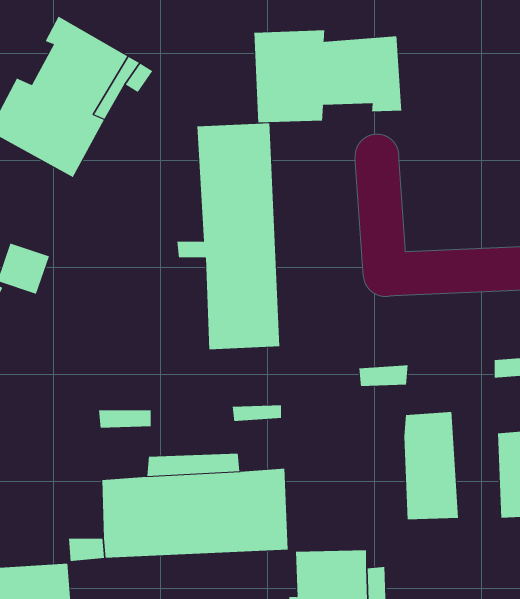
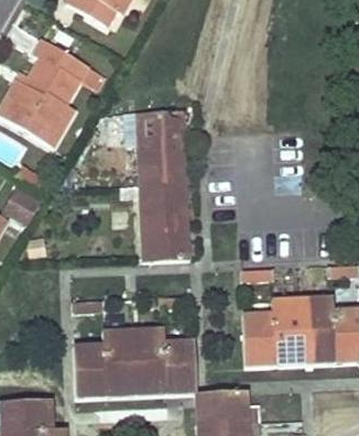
building: [254,29,402,123] -> none
building: none -> [303,298,335,370]
building: none -> [242,316,273,372]

